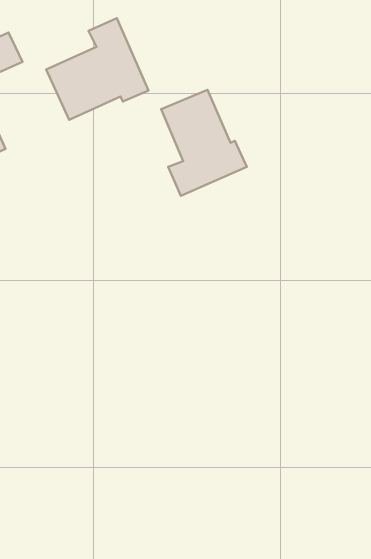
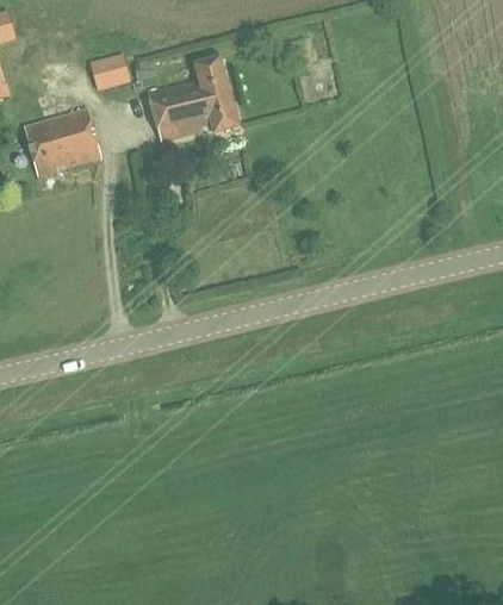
building: [161,90,247,196] -> none

